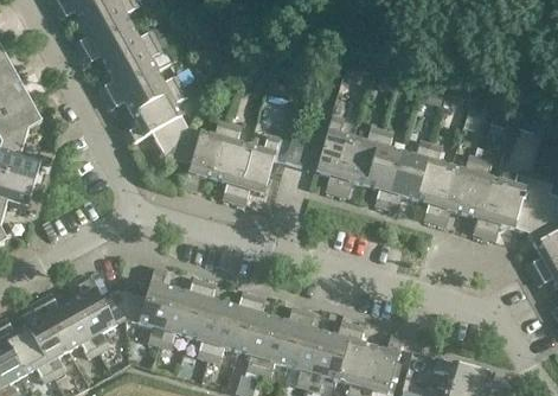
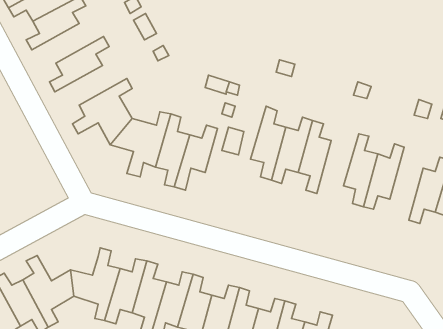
building: [79,26,156,69] -> none
building: [104,71,181,114] -> none
building: [385,141,430,212] -> none
building: [463,159,499,237] -> none

